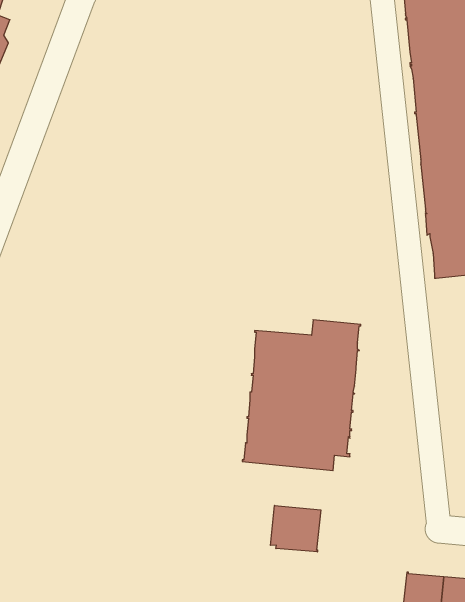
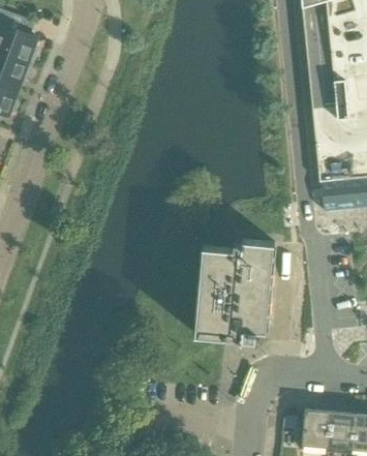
building: [270,505,321,552] -> none

